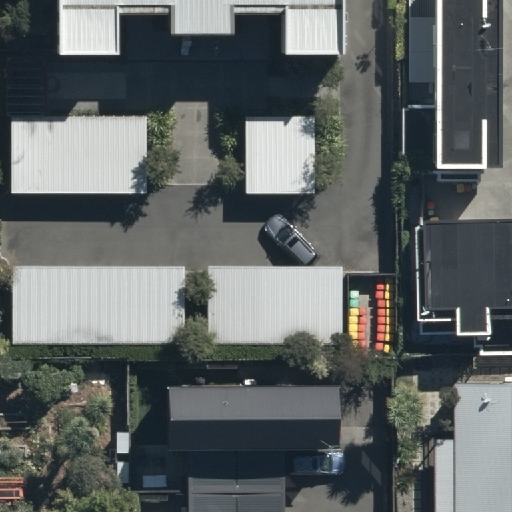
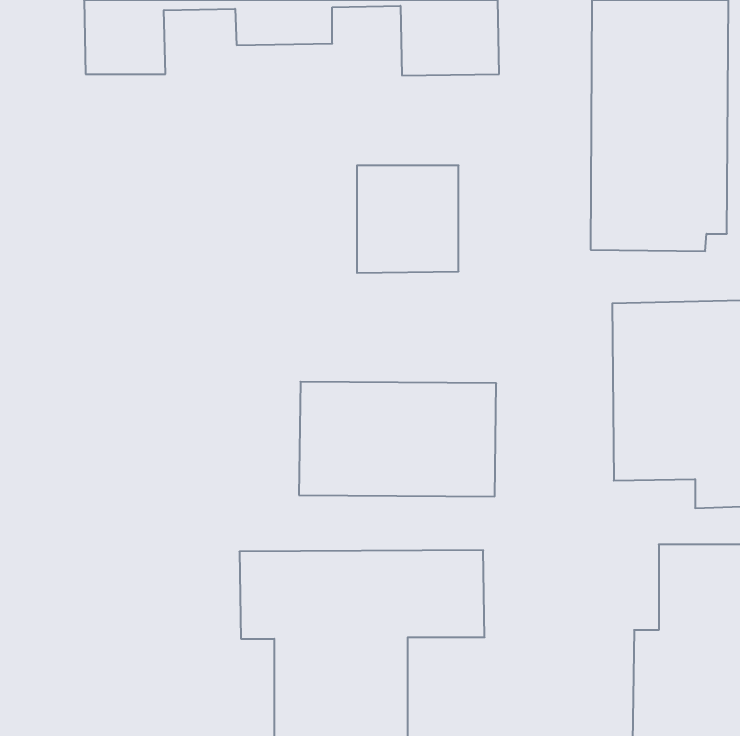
building: [5,116,147,191] -> none
building: [14,267,185,345] -> none

